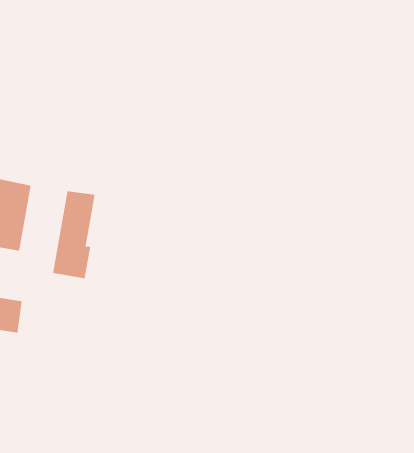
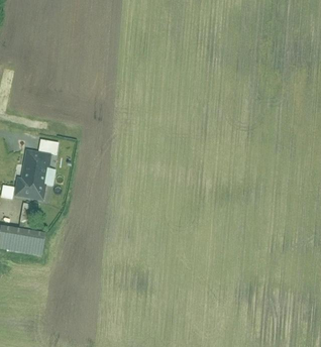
building: [53,190,95,279] -> none

